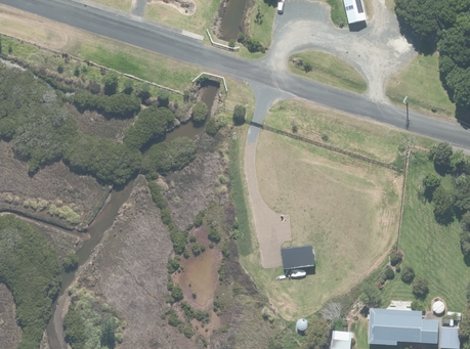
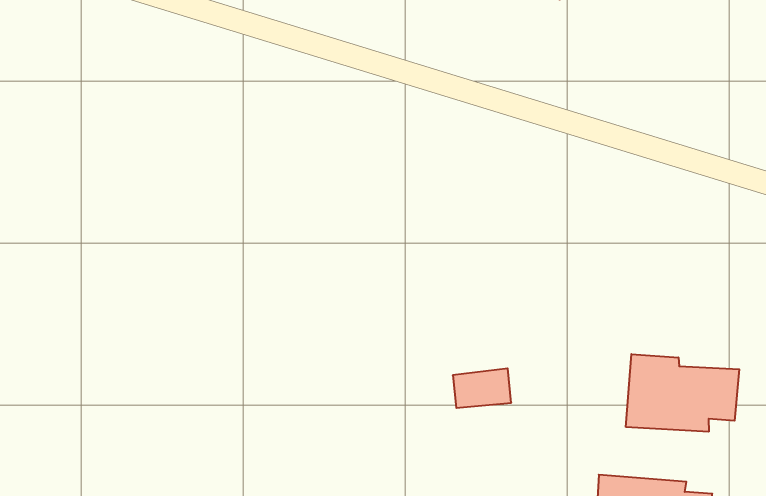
building: none -> [626,354,739,432]

